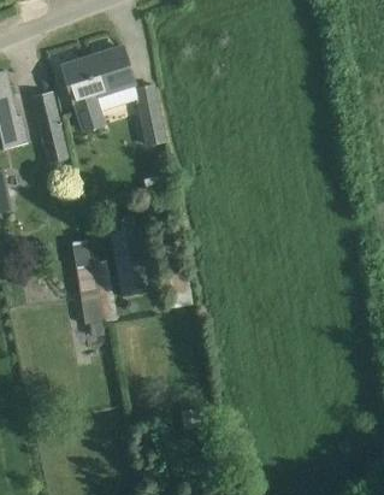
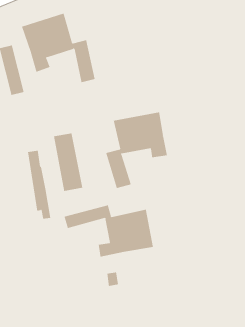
building: none -> [105,111,168,189]
building: none -> [64,204,154,258]

